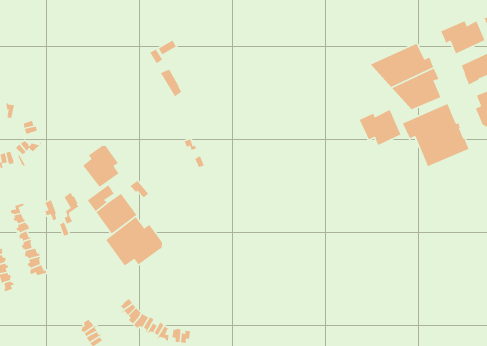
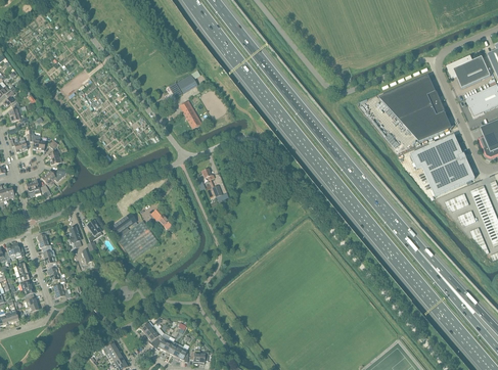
building: [359,109,401,146] -> none
building: [82,145,120,188] -> none
building: [105,216,163,266] -> none

